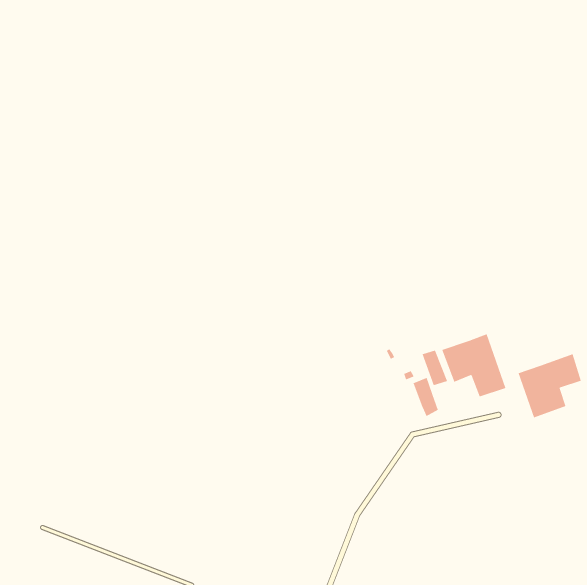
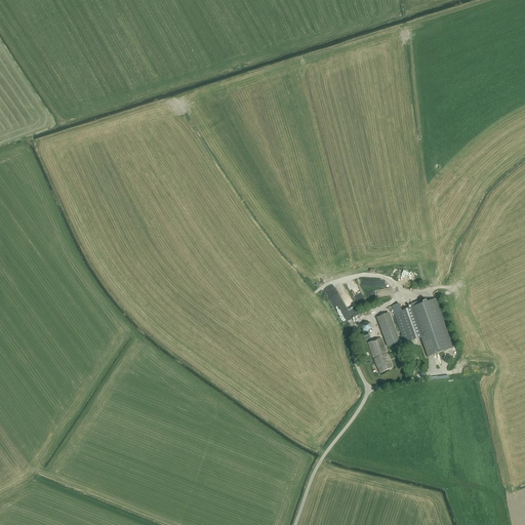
building: [517,353,582,419] -> none

